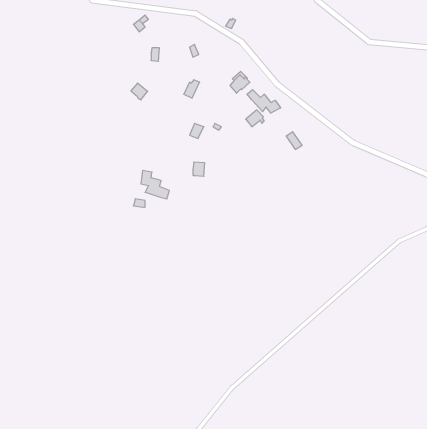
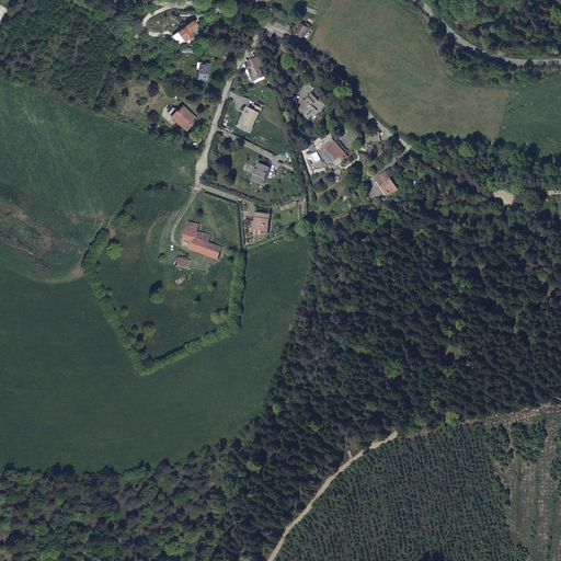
building: [247,90,281,113] -> none

